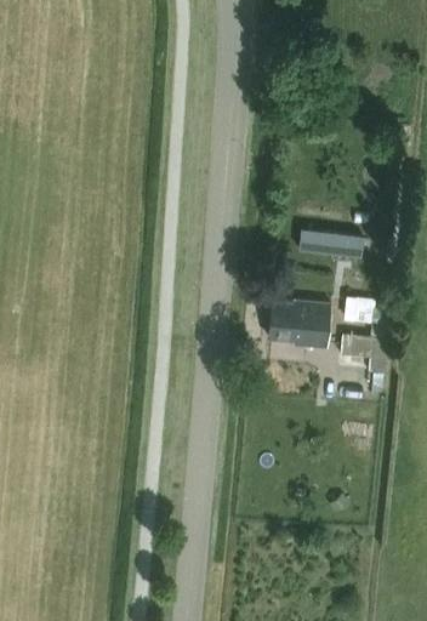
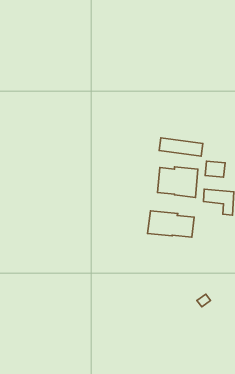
building: [297,229,363,257] -> [159,138,203,156]
building: none -> [148,211,194,237]

